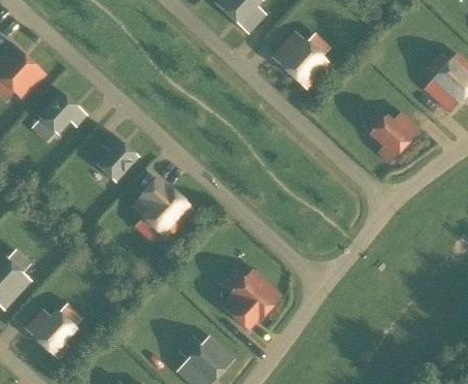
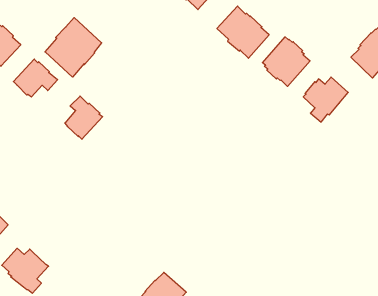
building: none -> [45,18,102,77]
building: none -> [262,37,310,86]
building: [131,174,194,238] -> none
building: [220,267,282,329] -> none

